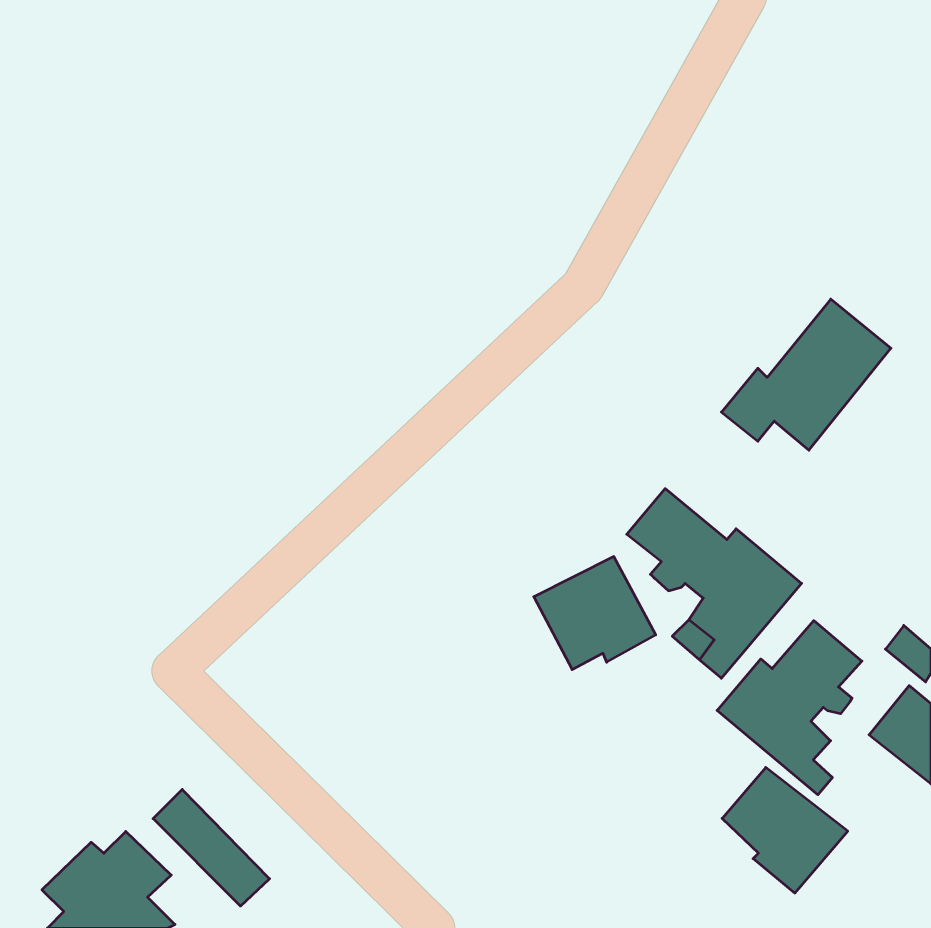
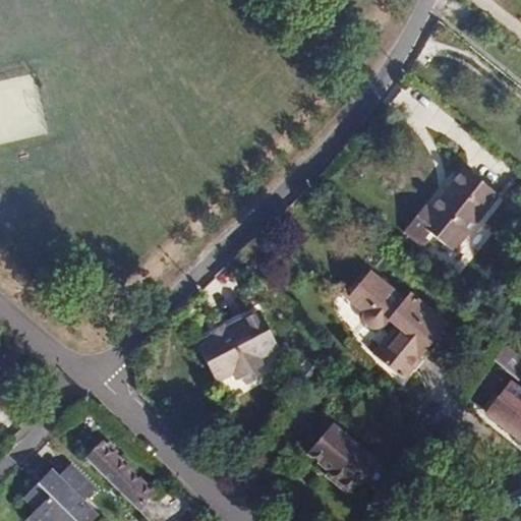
building: [534,557,656,670] -> [197,320,266,383]
building: [717,621,862,795] -> none
building: [722,767,848,893] -> [311,427,382,498]

